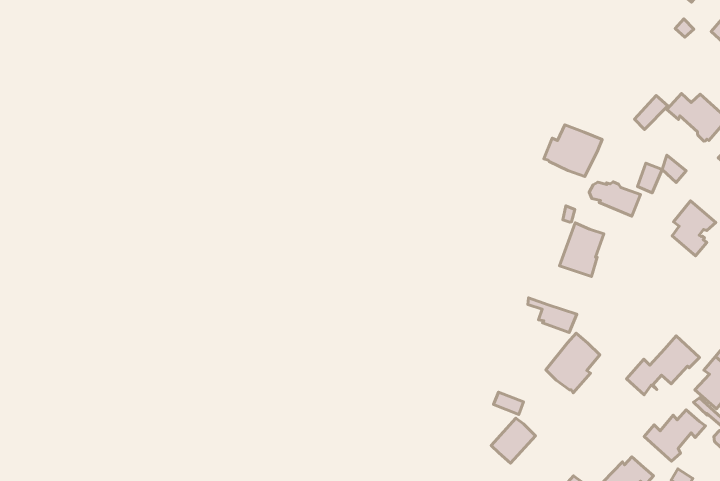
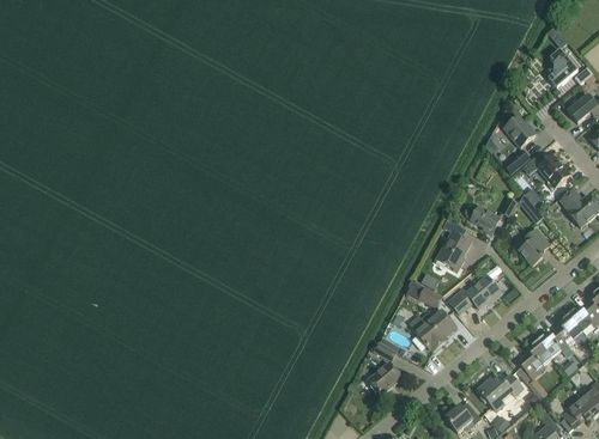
building: none -> [503,115,537,147]
building: [544,125,602,177] -> none
building: [626,336,700,395] -> [448,275,502,313]

